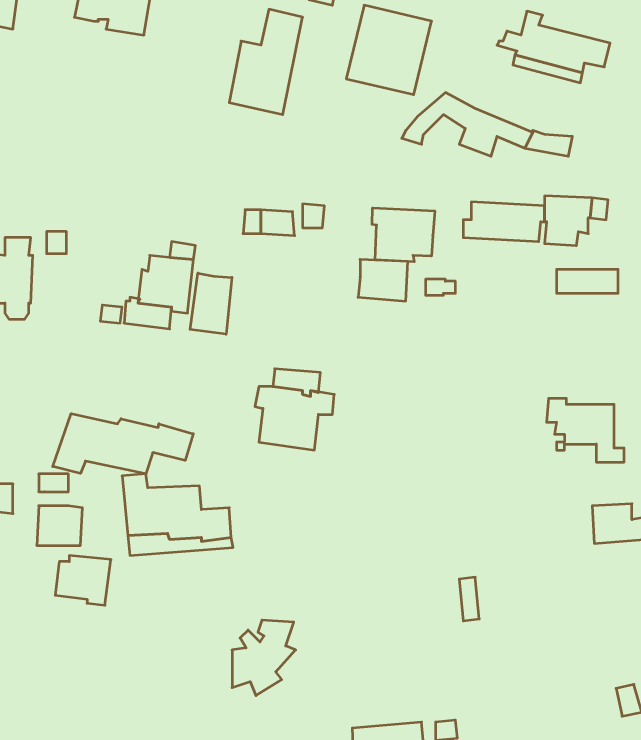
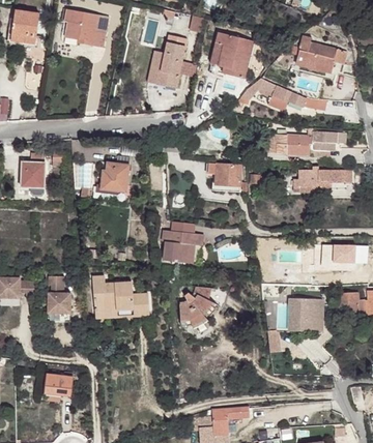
building: [372,208,435,262] -> none
building: none -> [294,167,319,193]
building: [190,273,232,334] -> none
building: [53,414,193,474] -> none
building: none -> [290,298,323,330]
building: [55,556,111,605] -> [45,371,74,396]
building: [232,620,296,696] -> [180,287,213,326]

